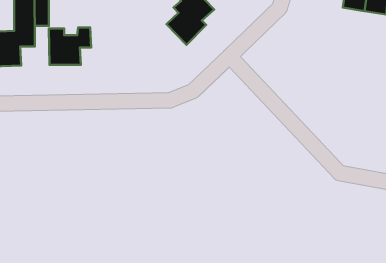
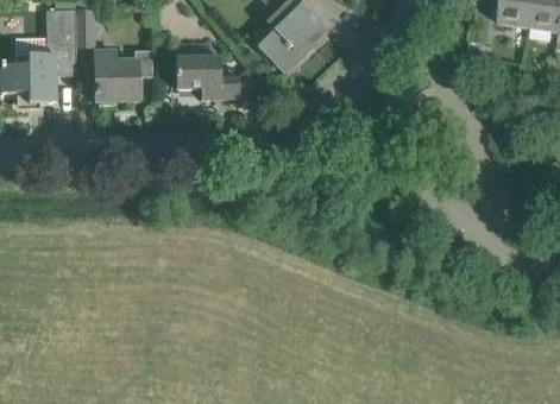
building: none -> [174,44,239,100]

